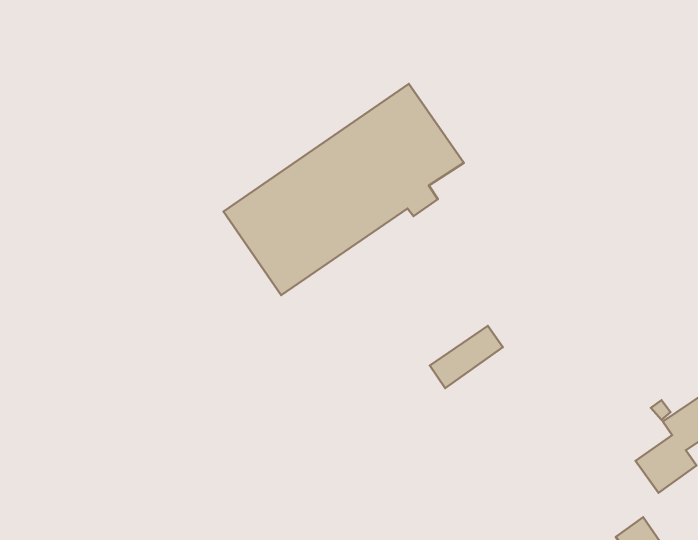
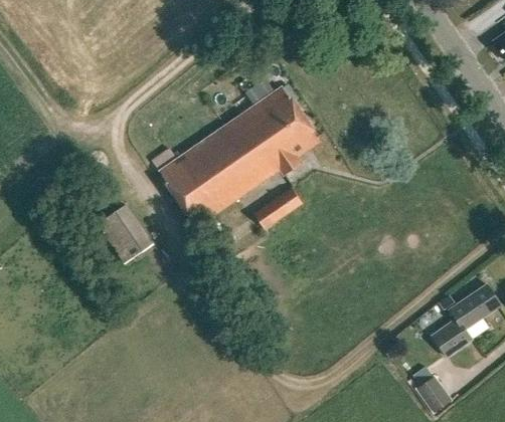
building: none -> [97,204,152,263]
building: [430,326,503,388] -> [254,187,302,228]

